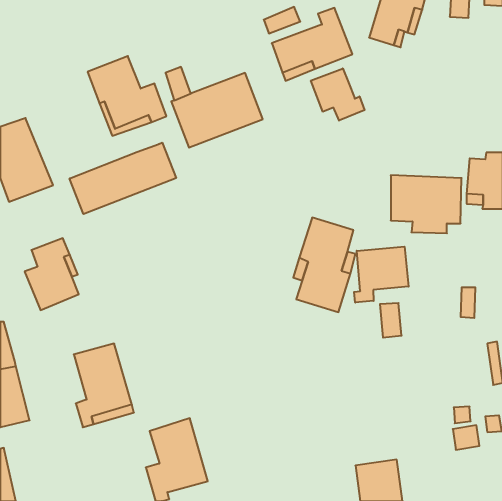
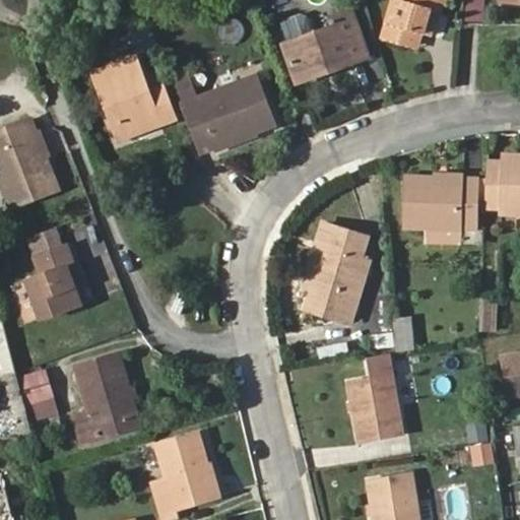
building: [311,68,365,121] -> none
building: [70,143,176,214] -> none
building: [354,247,409,303] -> none
building: none -> [18,365,60,418]
building: none -> [347,377,399,441]

